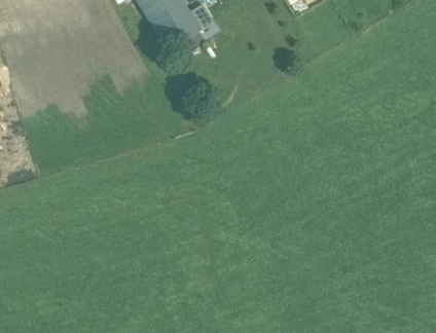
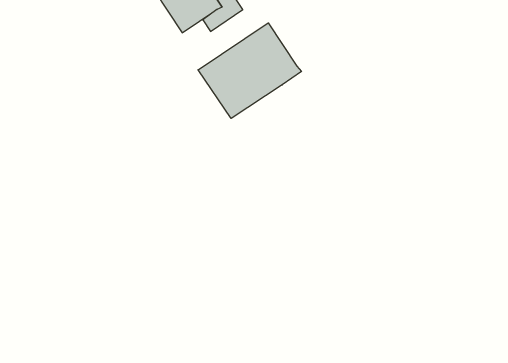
building: none -> [198,23,301,118]

